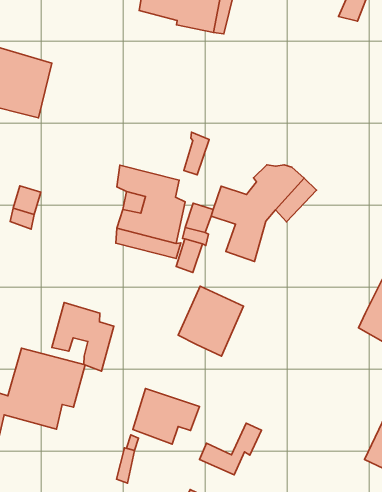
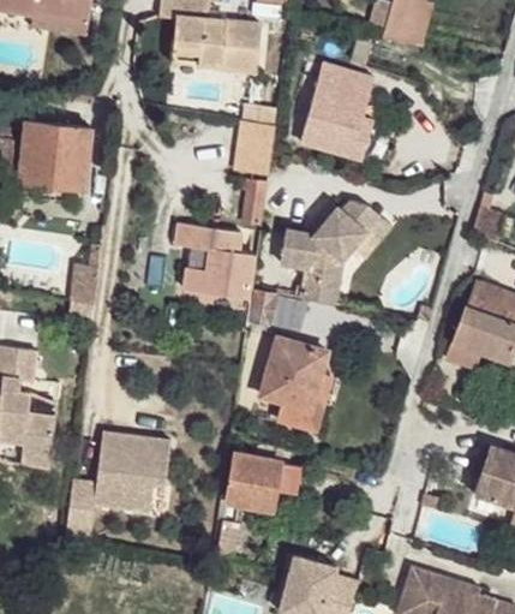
building: none -> [300,61,373,156]
building: none -> [238,118,275,173]
building: [52,303,114,371] -> none
building: [199,423,261,475] -> [277,372,337,428]

